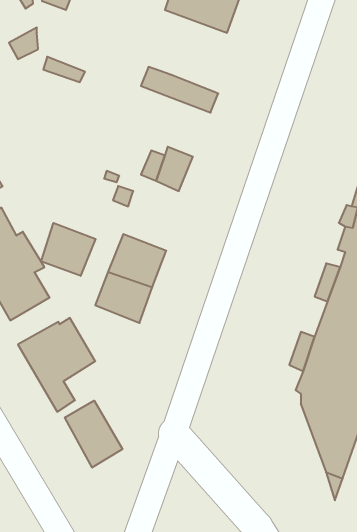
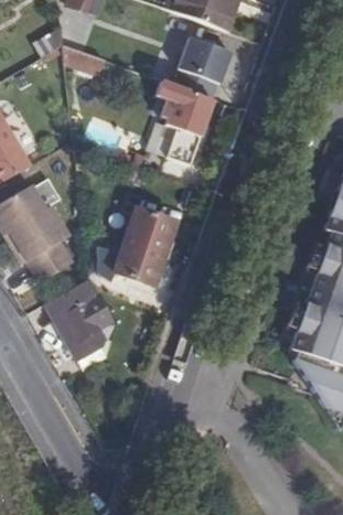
building: none -> [179,35,233,84]
building: none -> [163,87,214,139]
building: [41,223,96,276] -> none
building: [65,401,122,468] -> none

